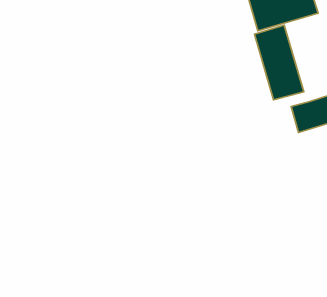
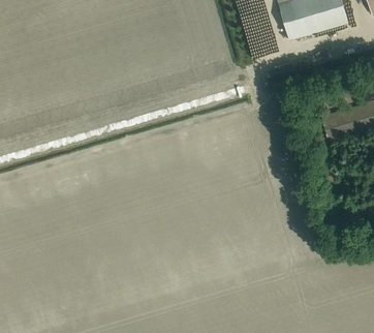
building: [254,25,304,100] -> none

